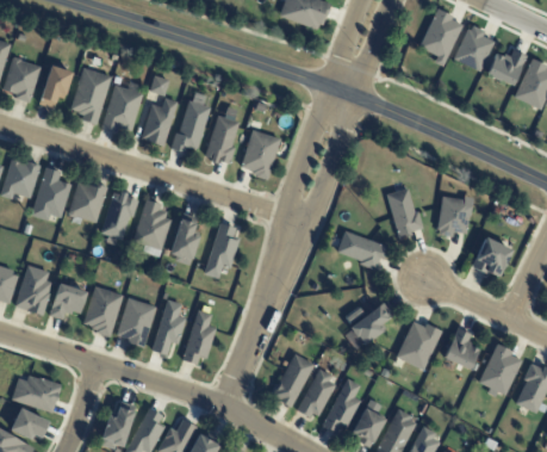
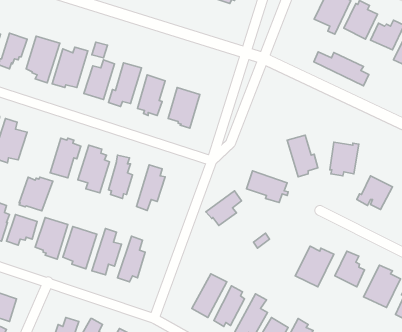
building: none -> [314,52,369,86]
building: [68,181,108,222] -> [19,177,53,211]
building: [348,302,391,343] -> [206,191,242,226]

